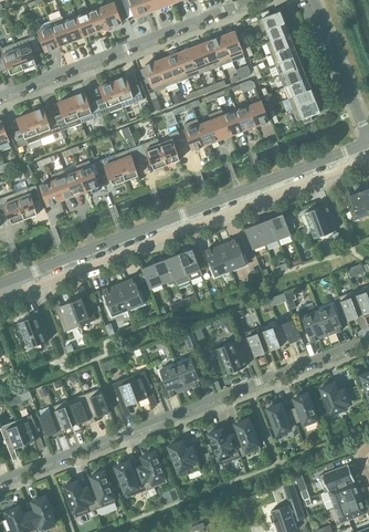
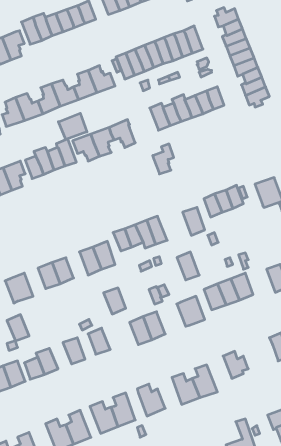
building: [159,131,183,165] -> [153,144,174,174]
building: none -> [58,113,87,140]
building: [205,244,231,277] -> [177,252,199,280]
building: [299,304,327,342] -> none
building: [128,372,154,401] -> [104,288,126,314]
building: [68,394,94,424] -> [7,315,29,341]
building: [291,394,318,427] -> none

